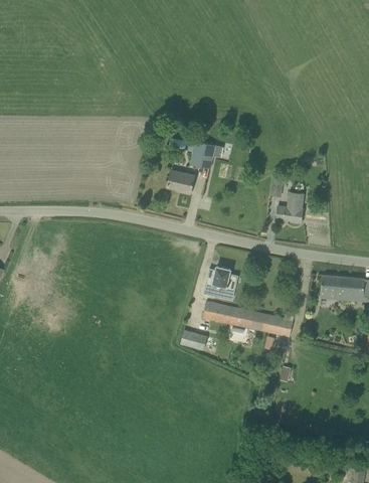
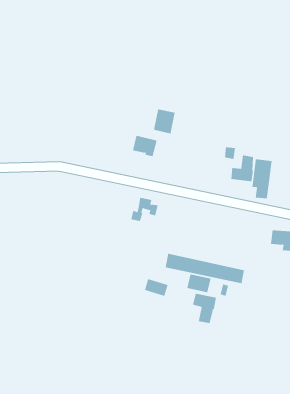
building: none -> [252,159,272,199]
building: [206,266,237,293] -> [131,197,158,221]
building: none -> [192,293,217,324]

